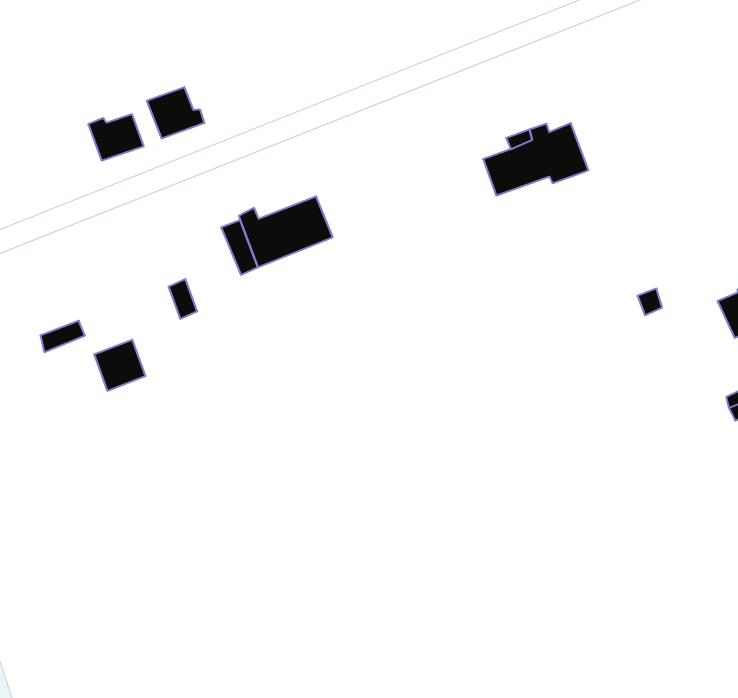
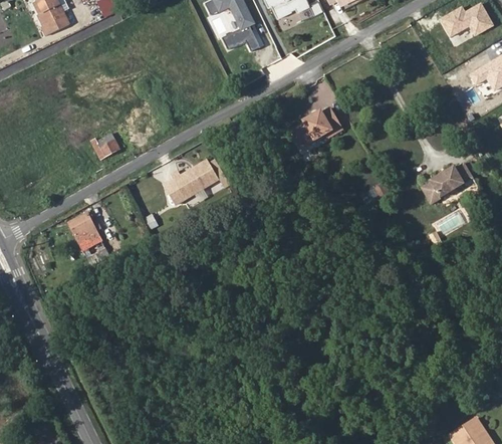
building: [147,87,204,139] -> none
building: [94,340,146,391] -> [68,215,95,242]

